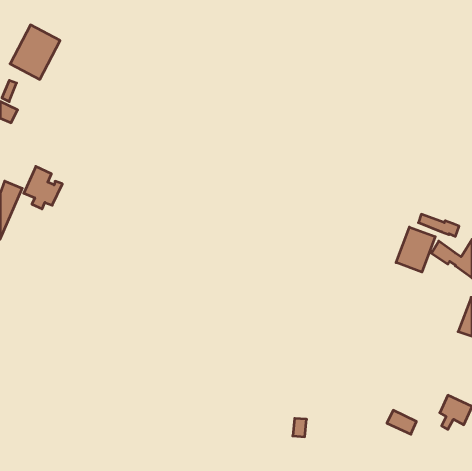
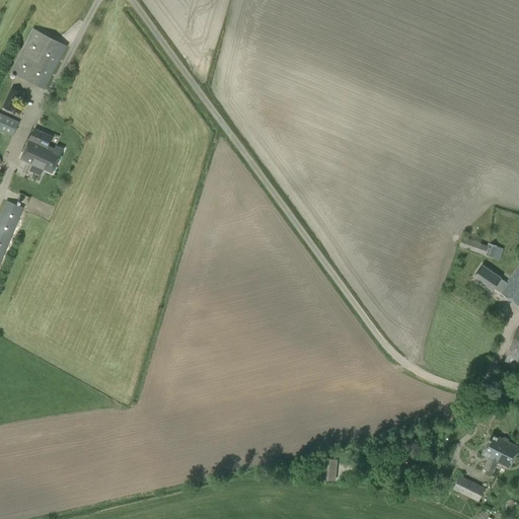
building: [24,166,62,209] -> [20,129,63,175]
building: [396,227,435,272] -> none
building: [387,410,416,434] -> [452,474,485,501]

